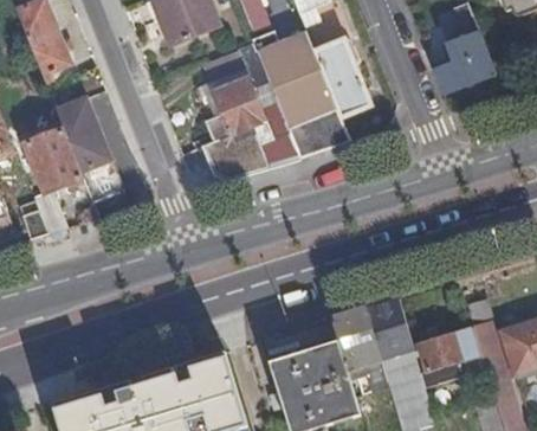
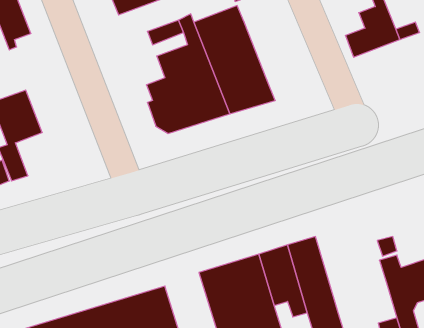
building: [316,38,371,117] -> none
building: [54,96,123,201] -> none
building: [419,328,480,385] -> none

